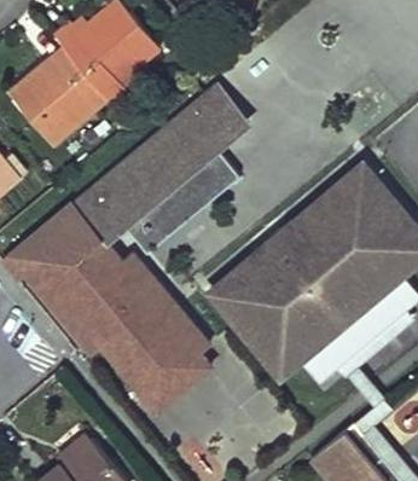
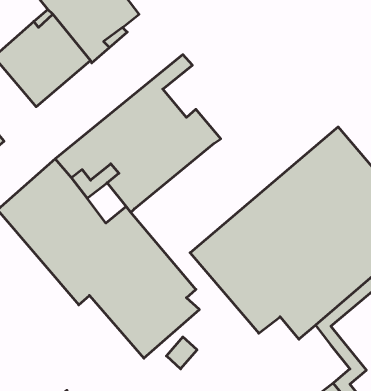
building: [180,81,248,157] -> none

